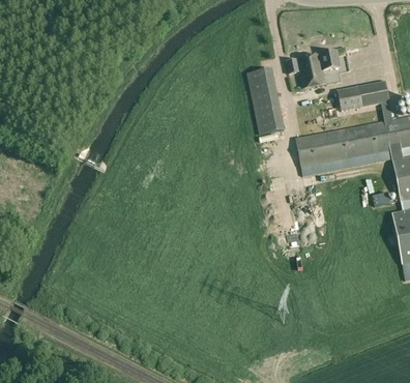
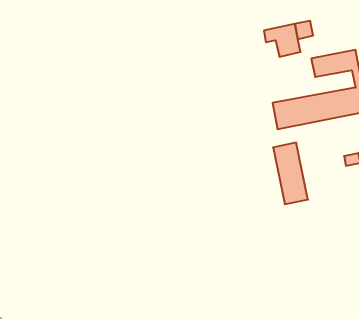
building: [247,70,285,137] -> [273,143,308,204]

